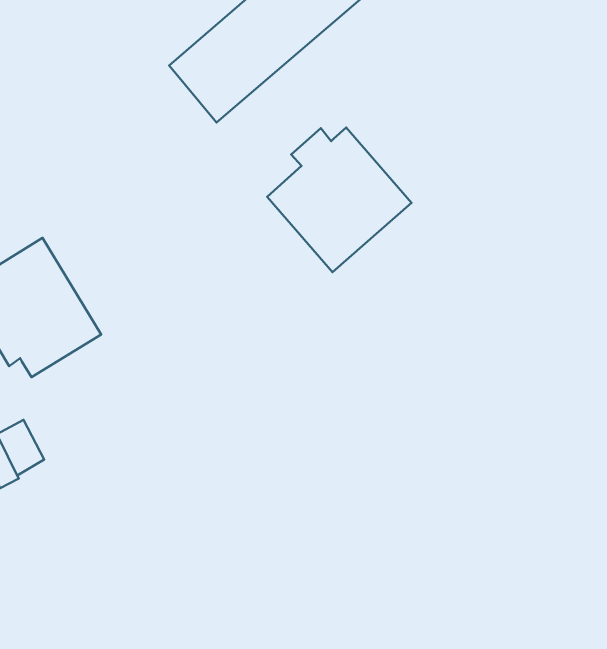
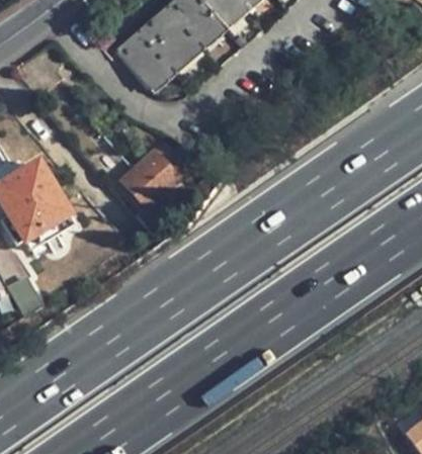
building: [267,127,412,272] -> none
building: none -> [120,149,178,205]

